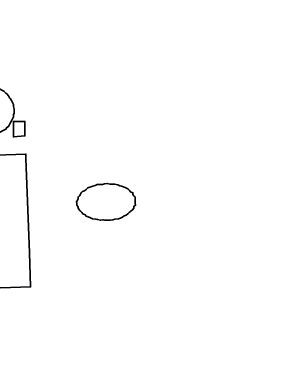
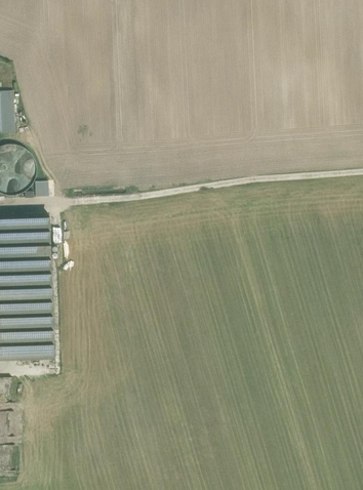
building: [77,184,135,220] -> none

